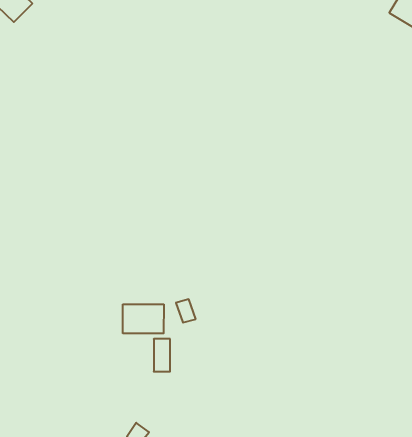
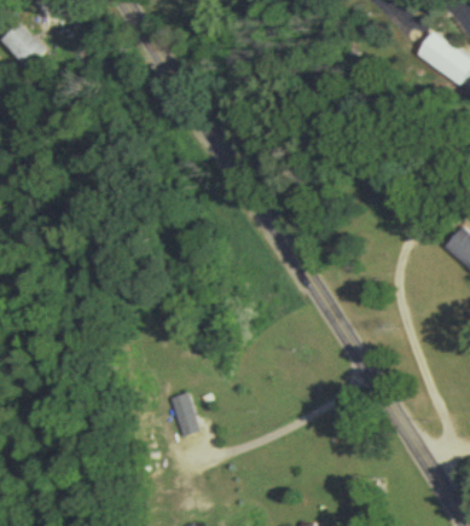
building: [123,304,164,333] -> none

